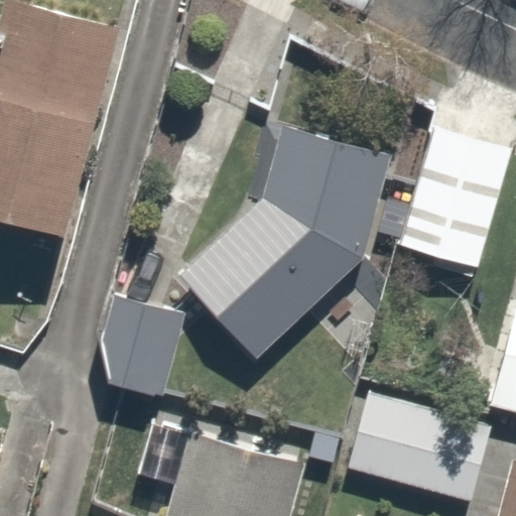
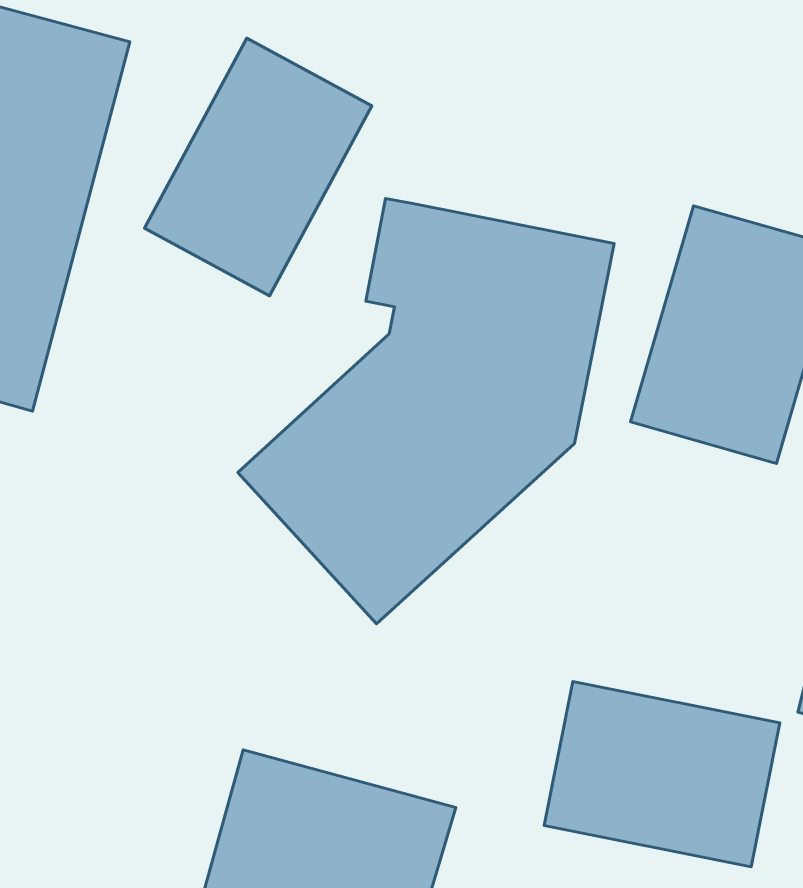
building: none -> [144,38,372,296]
building: [92,294,181,399] -> none

